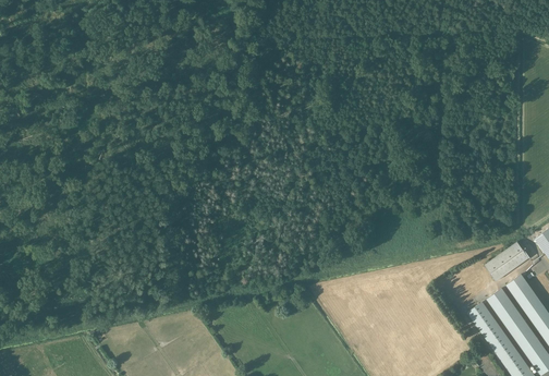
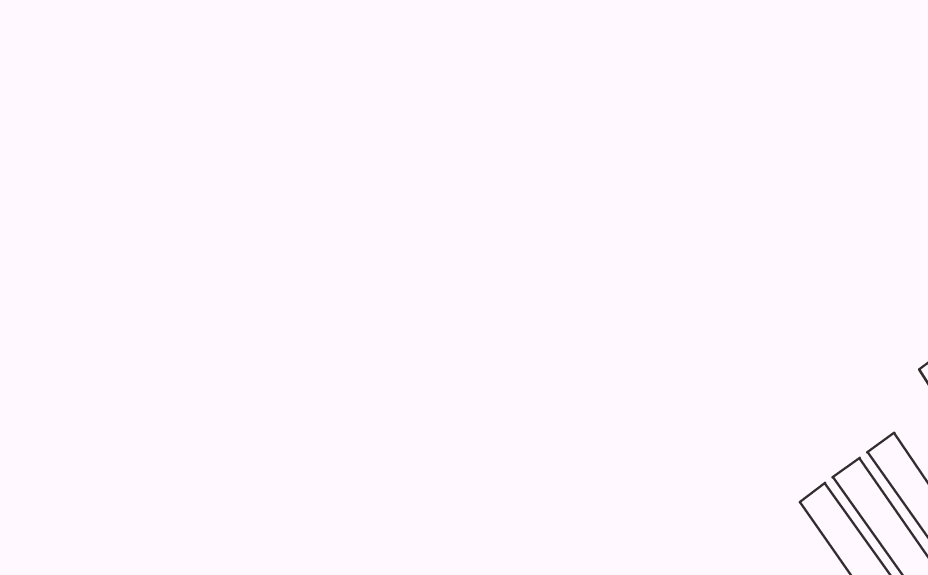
building: [485,242,529,281] -> none

